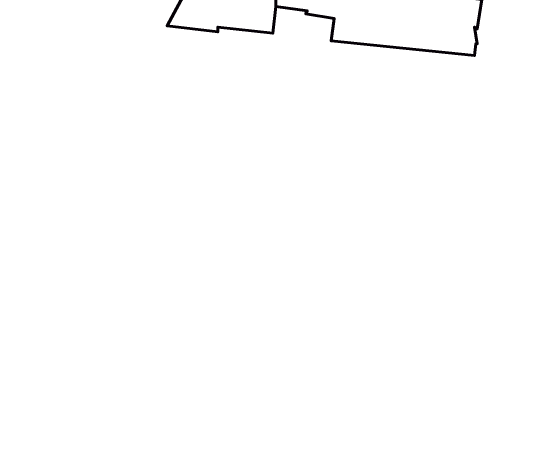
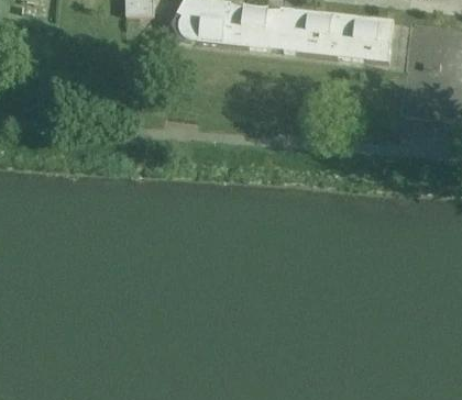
building: none -> [241,26,286,52]

